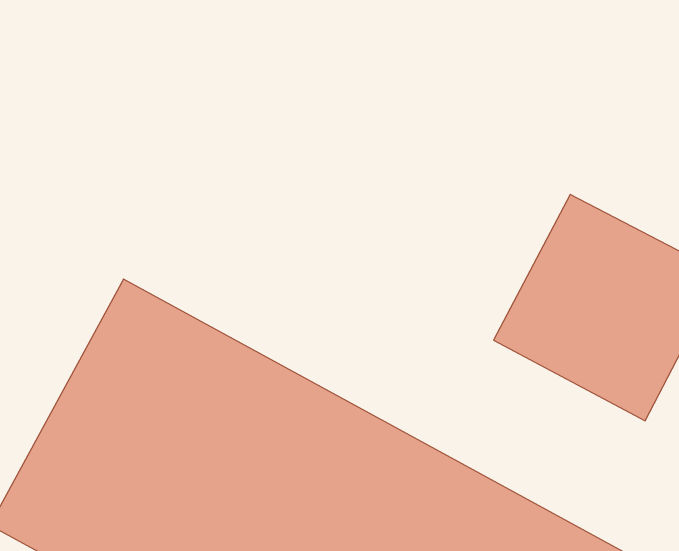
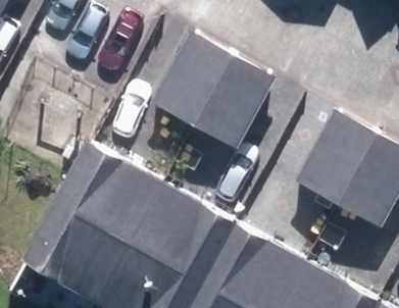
building: none -> [156,29,275,146]

